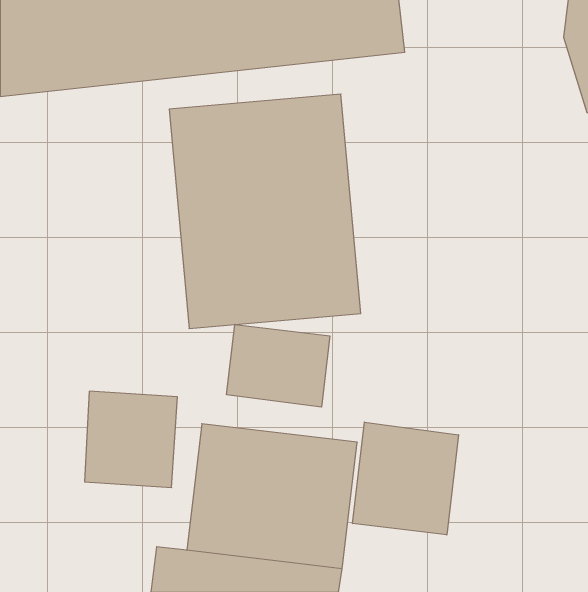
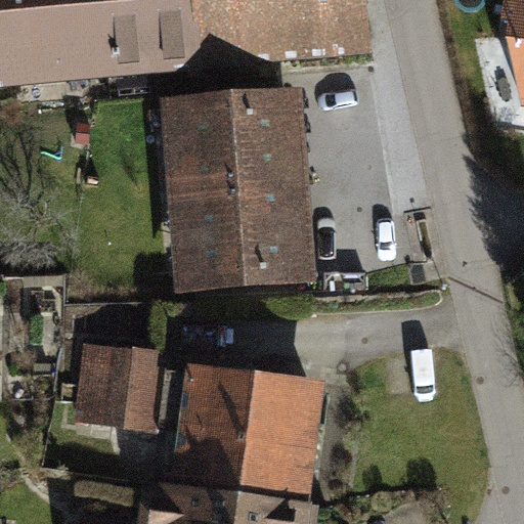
building: [227,324,330,407] -> none
building: [352,422,458,535] -> none

